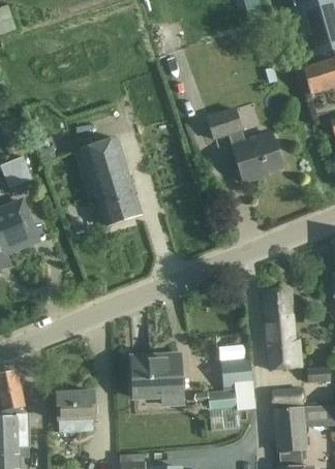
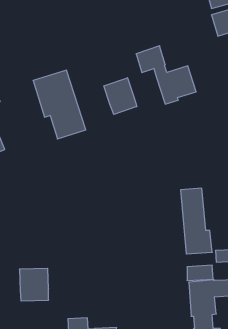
building: none -> [104,78,137,114]
building: [132,354,182,403] -> none
building: [207,355,255,429] -> none

